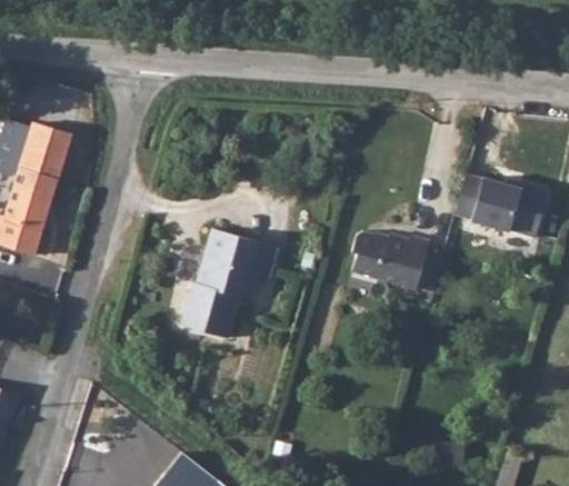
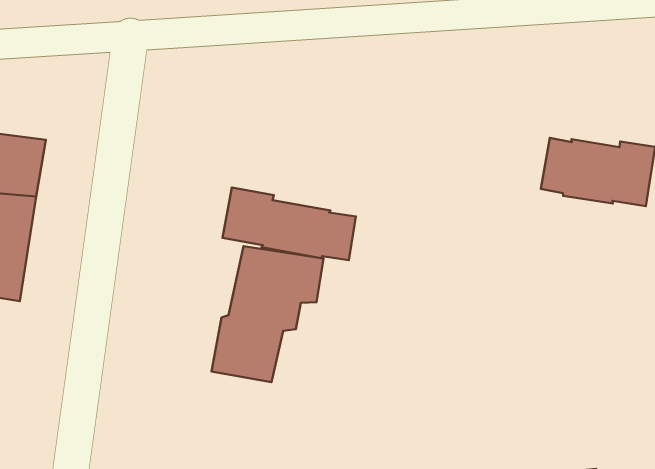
building: none -> [222,187,356,260]
building: [340,226,423,289] -> none

